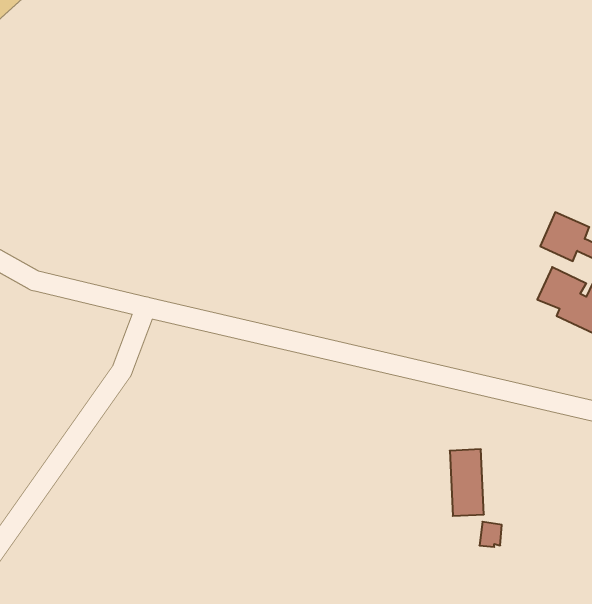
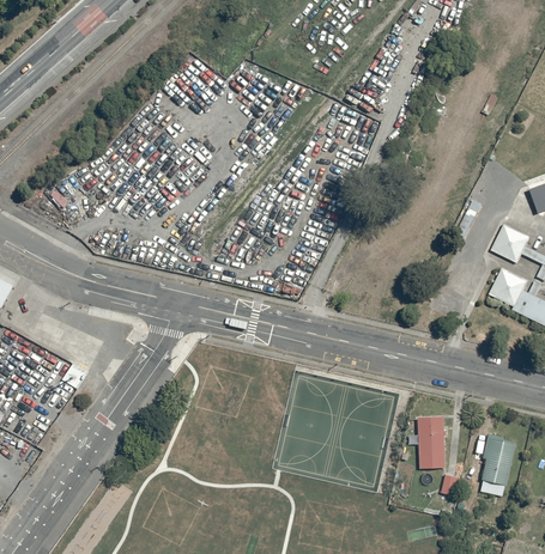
building: none -> [479,436,514,495]

